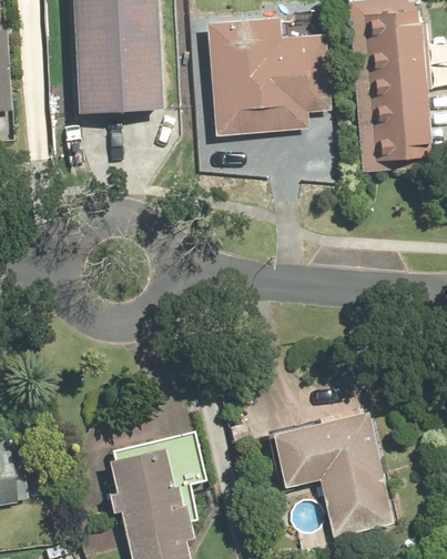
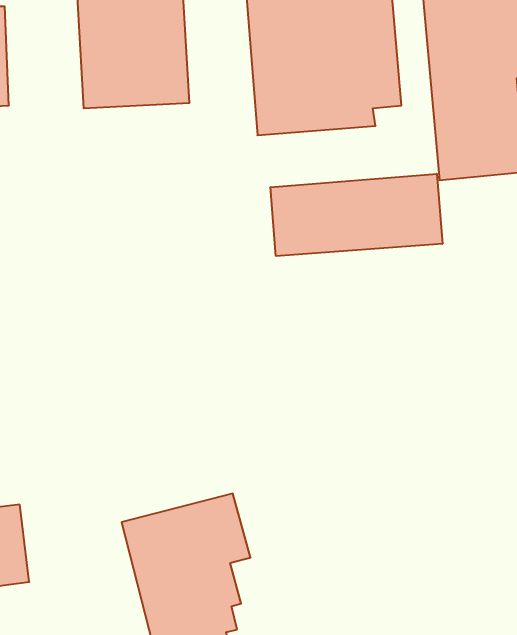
building: none -> [271,174,442,256]
building: [272,413,393,538] -> none

